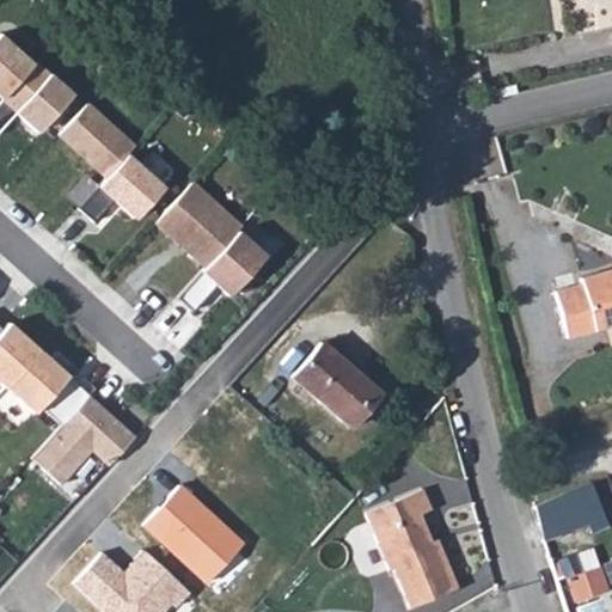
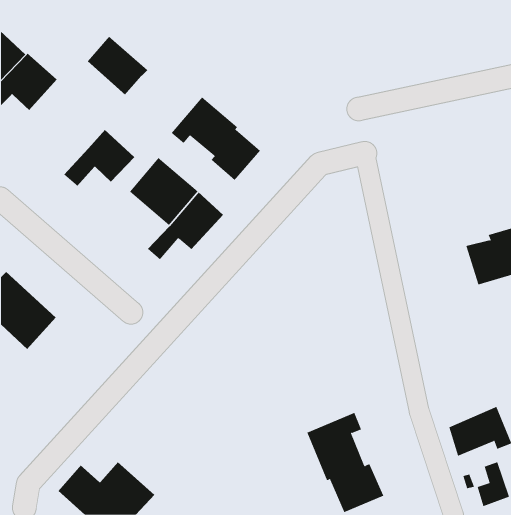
building: [63,105,136,176] -> [87,36,148,95]
building: none -> [171,96,261,181]
building: [294,343,382,428] -> none
building: [33,392,140,484] -> none
building: [143,483,245,583] -> none

